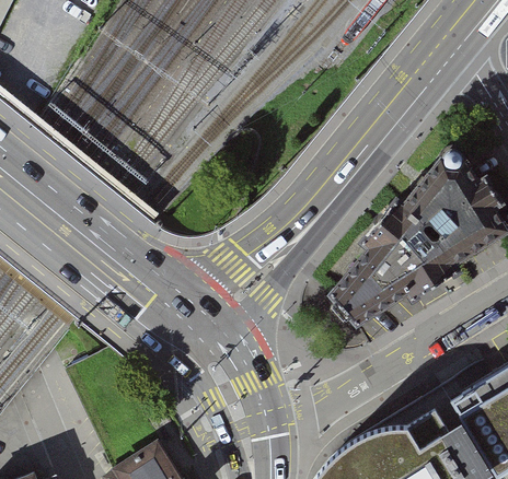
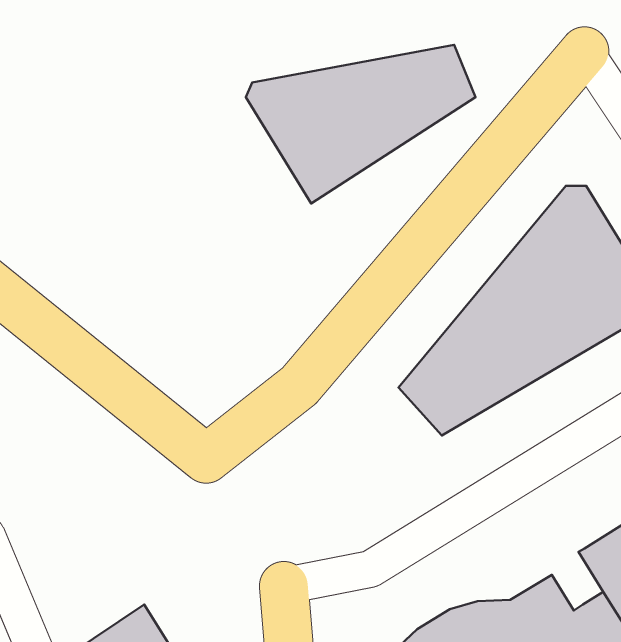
building: none -> [246,45,476,204]

